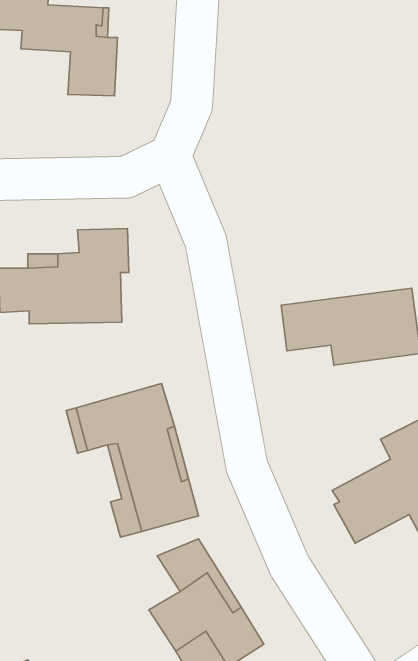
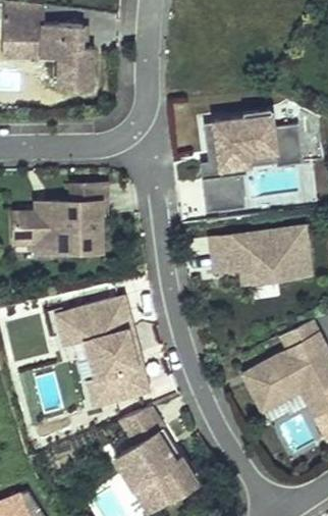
building: none -> [201,114,304,211]

